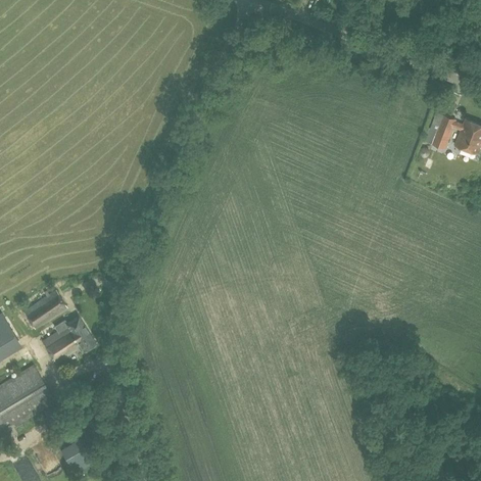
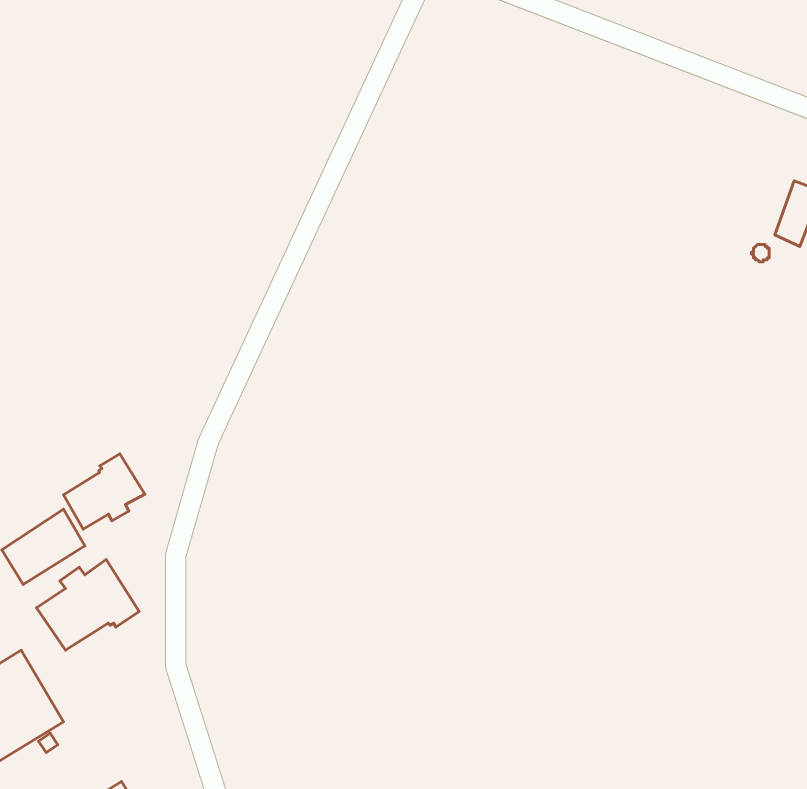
building: none -> [64,454,145,529]

